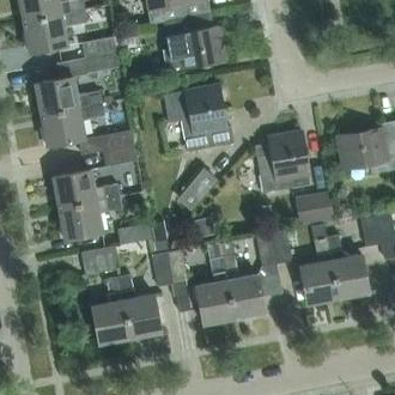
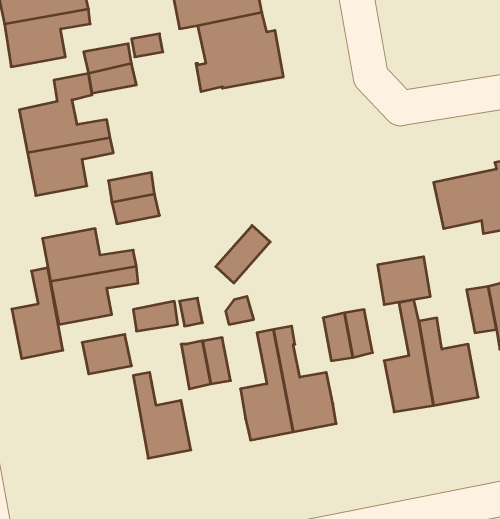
building: [164,85,235,152] -> none
building: [254,129,309,193] -> none
building: [91,276,128,342] -> [12,268,63,359]

